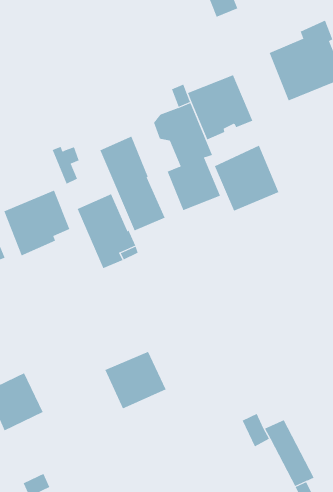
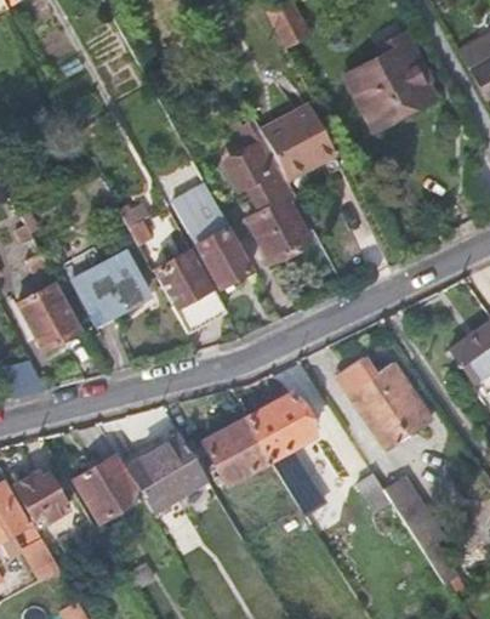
building: [214,145,279,212] -> none
building: none -> [335,357,432,452]
building: none -> [247,393,318,507]
building: none -> [125,435,206,512]

